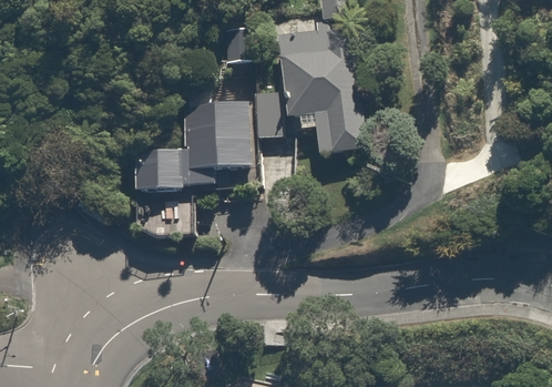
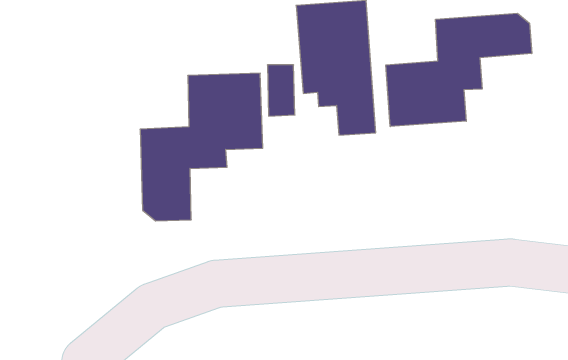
building: none -> [386,13,532,127]

